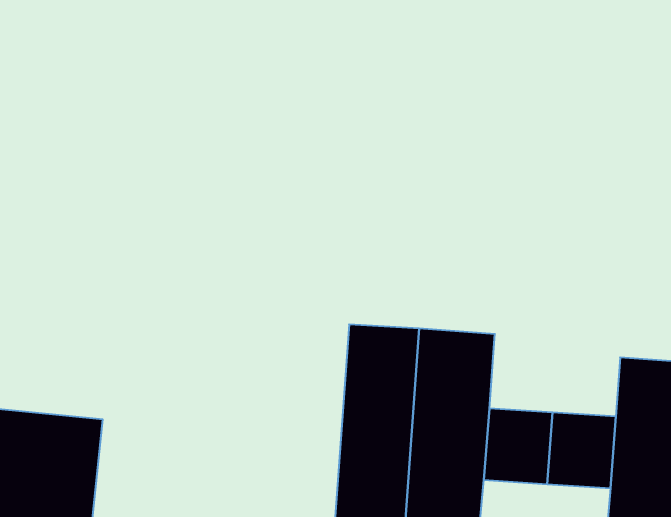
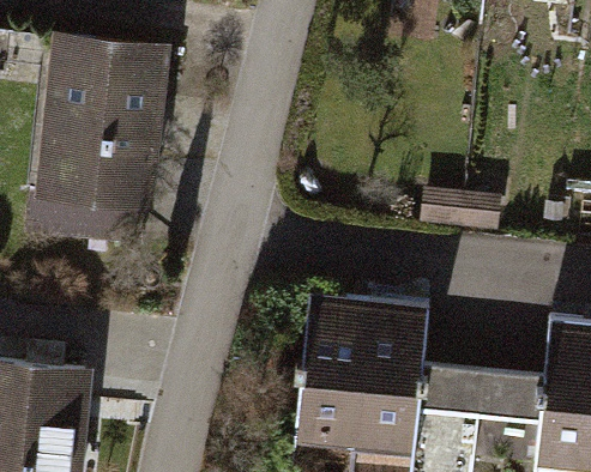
building: none -> [35,37,171,217]

